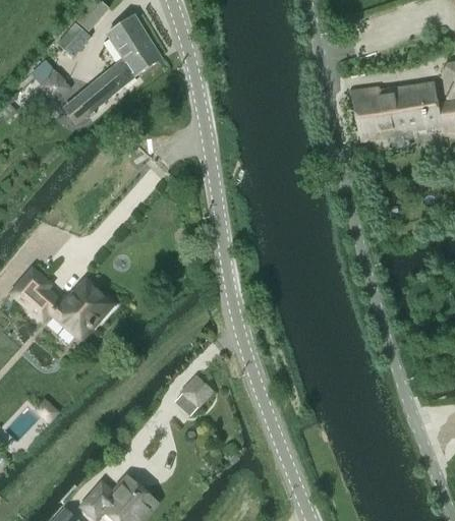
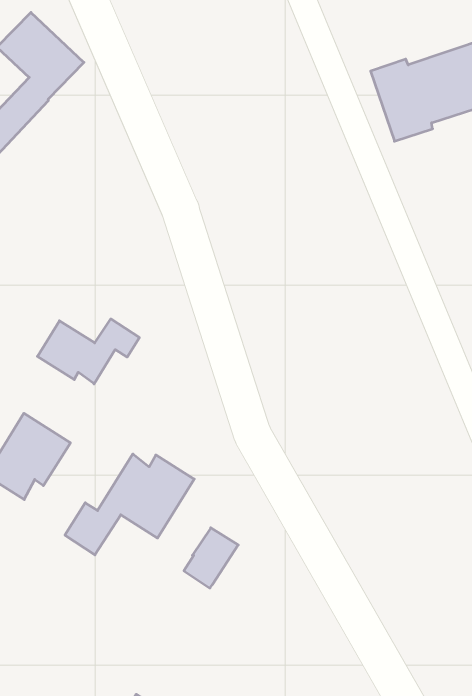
building: none -> [37,319,139,384]
building: none -> [65,454,194,555]

